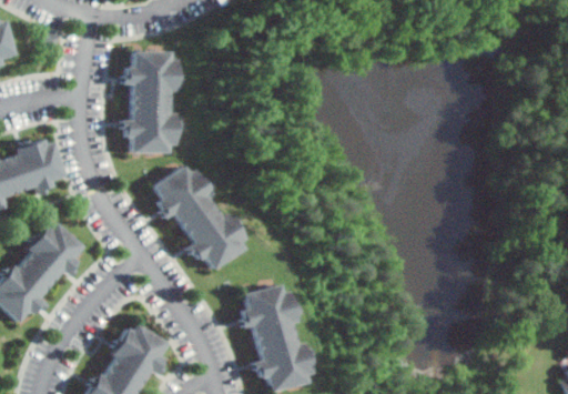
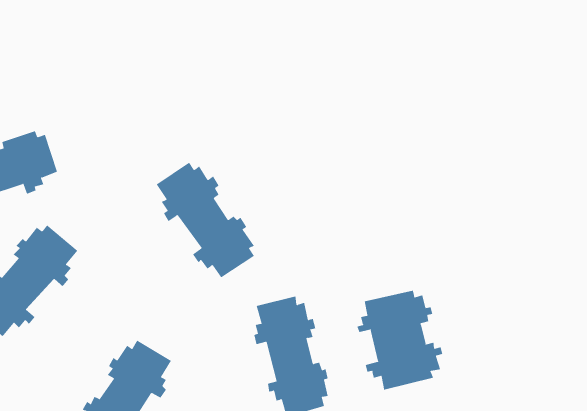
building: [126,51,181,153] -> none
building: none -> [356,290,443,391]

